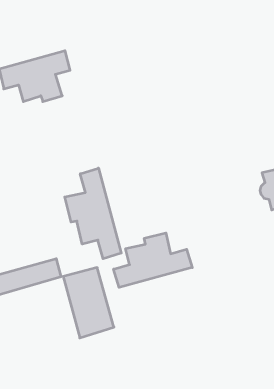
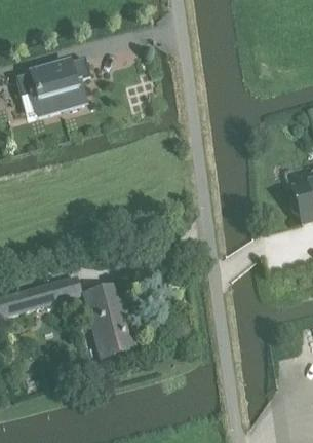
building: [65,168,121,259] -> none
building: [114,233,192,287] -> none

